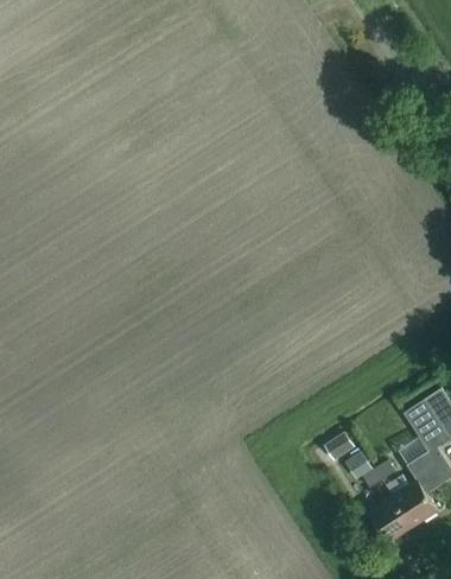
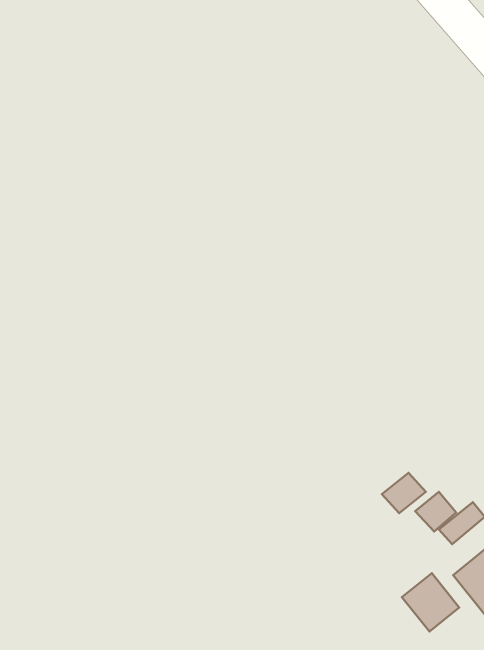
building: none -> [402,573,459,632]

